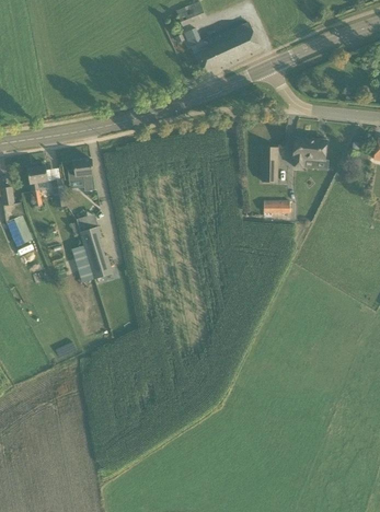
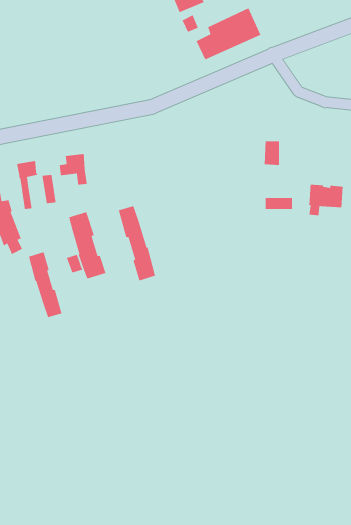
building: [293,137,326,167] -> [309,184,343,216]
building: none -> [118,205,156,282]
building: none -> [28,251,62,318]

